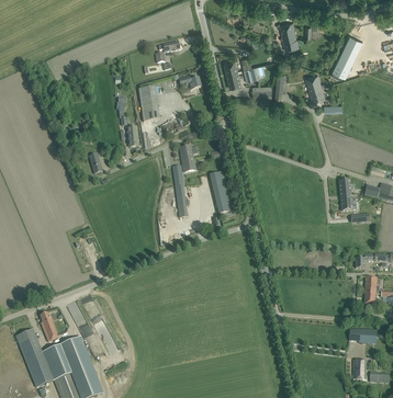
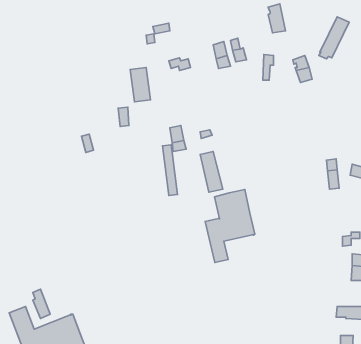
building: none -> [205,189,255,263]

